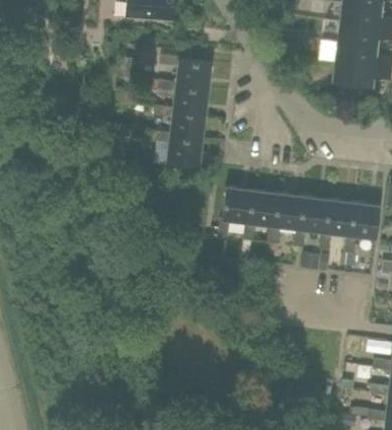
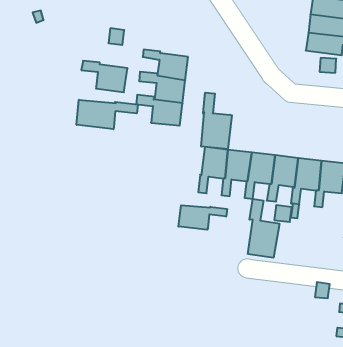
building: [160,54,211,88] -> [81,61,128,92]
building: none -> [201,93,232,149]
building: none -> [77,100,138,129]
building: none -> [248,199,279,258]
building: none -> [178,205,227,230]

